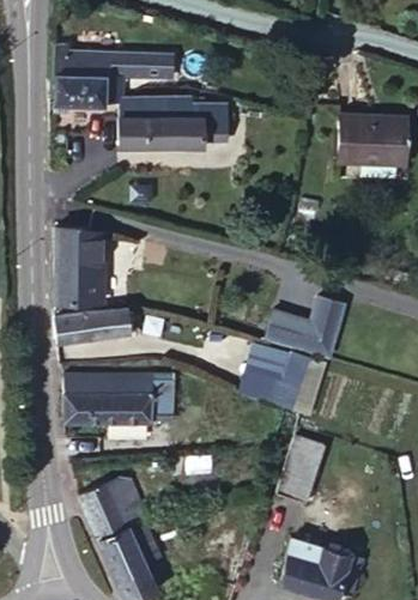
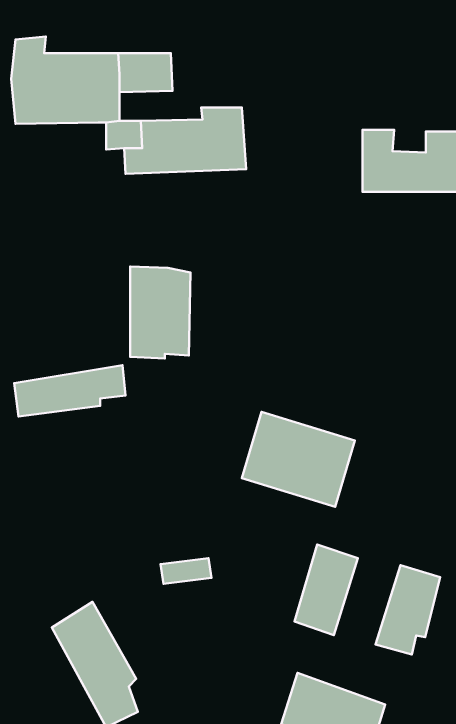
building: [55,228,103,301] -> [130,266,190,358]
building: [266,293,345,354] -> none
building: [65,370,170,420] -> none
building: none -> [376,565,440,654]

